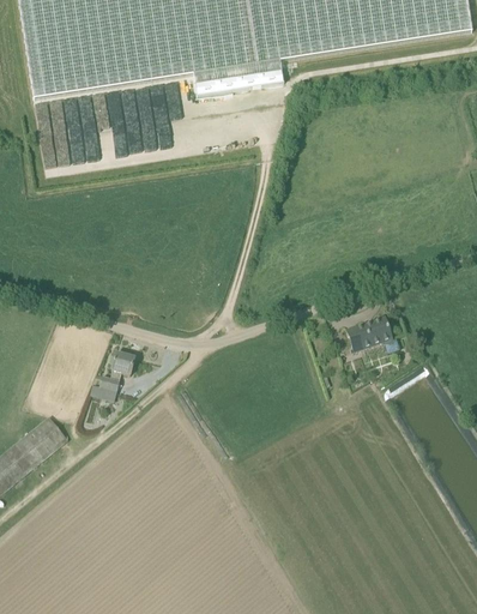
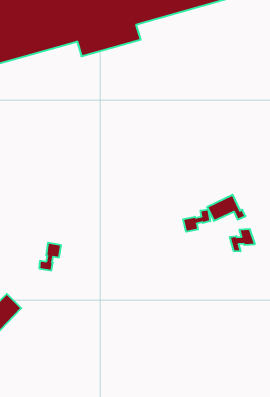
building: none -> [183,210,210,232]
building: none -> [230,229,255,251]

